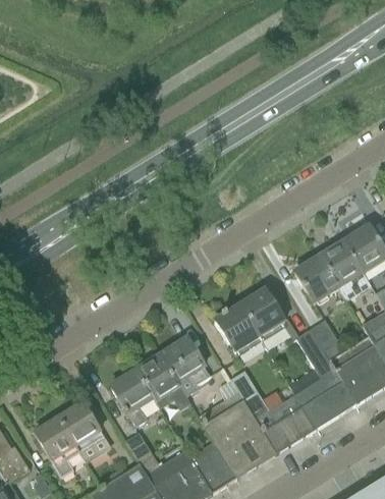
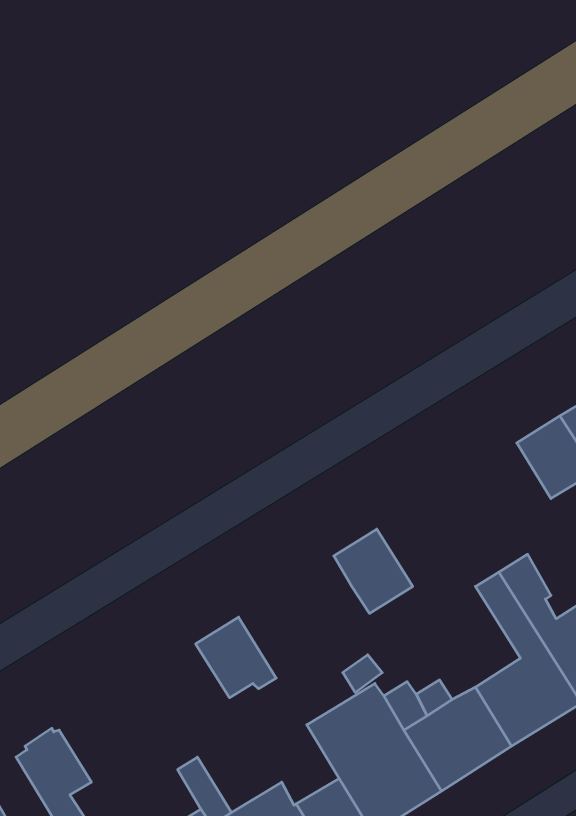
building: [293,257,338,303] -> none
building: [239,291,284,338] -> none
building: [161,339,211,393] -> none
building: [111,371,154,427] -> none
building: [59,404,102,449] -> none

